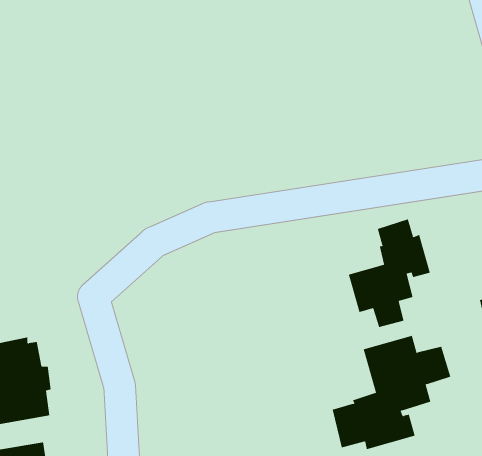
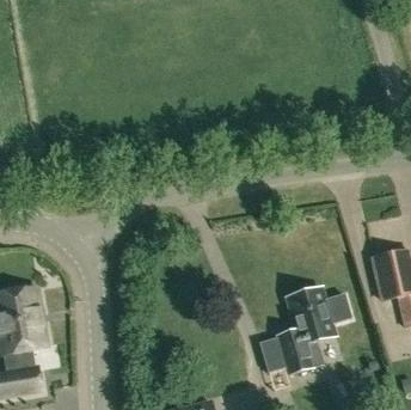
building: [348,218,430,328] -> none

